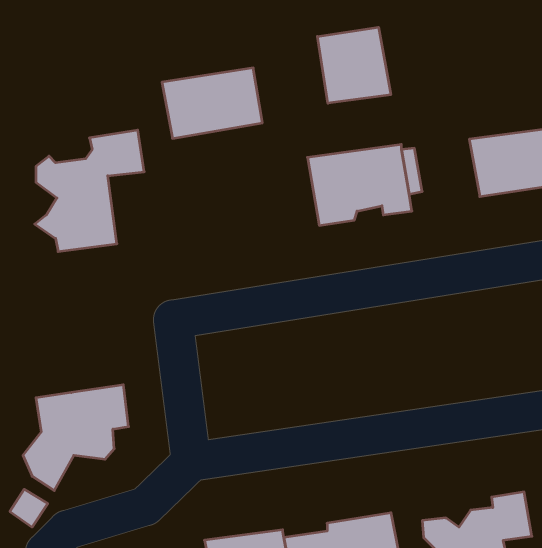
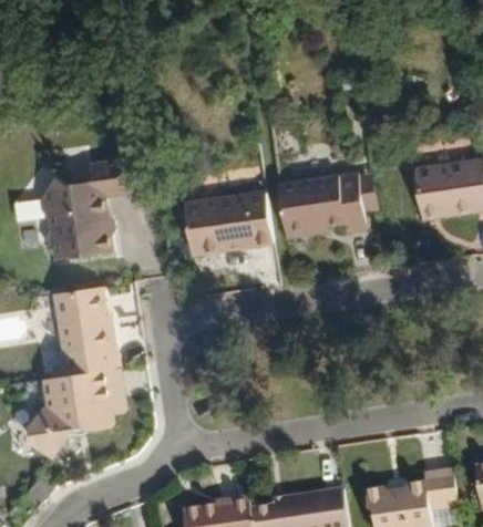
building: [317,27,391,103] -> none
building: [162,68,262,138] -> [179,194,265,254]
building: none -> [55,291,121,383]

